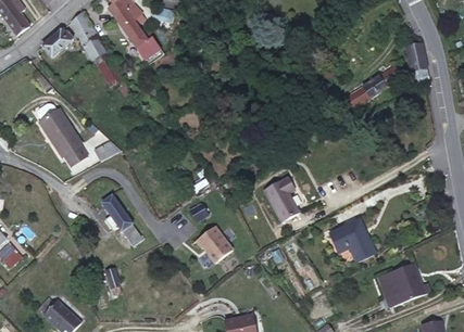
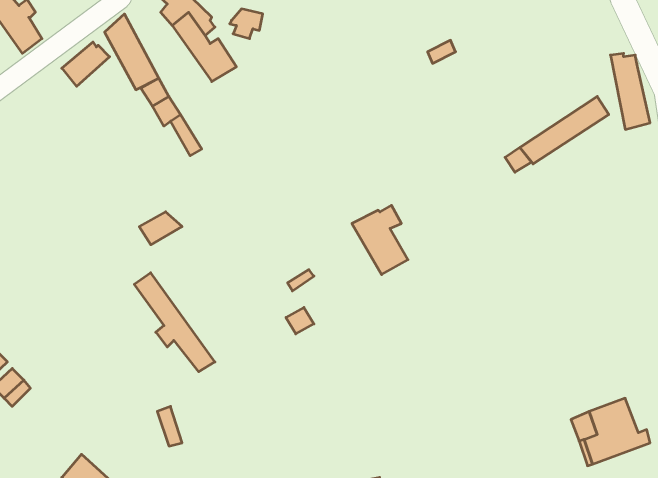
building: [38,103,88,166] -> none
building: [263,177,300,222] -> [352,205,408,275]
building: [330,219,375,260] -> none
building: [196,227,233,263] -> none

